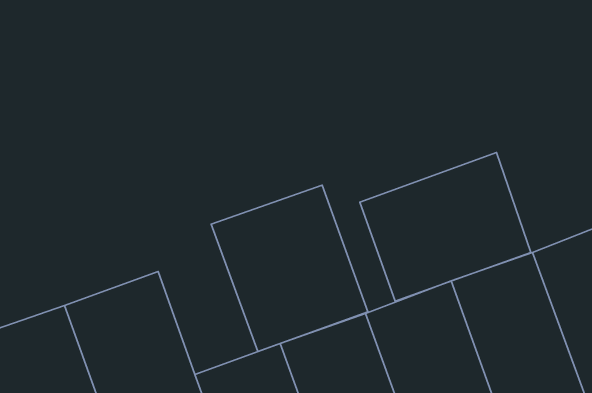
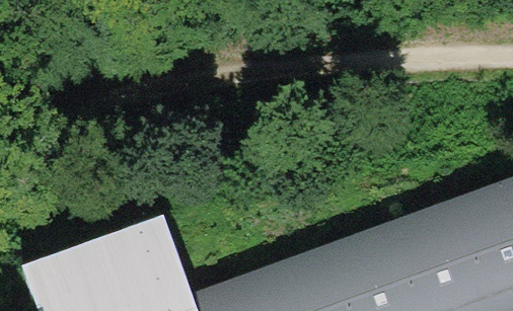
building: [360,153,531,301] -> none
building: [211,185,368,351] -> none

